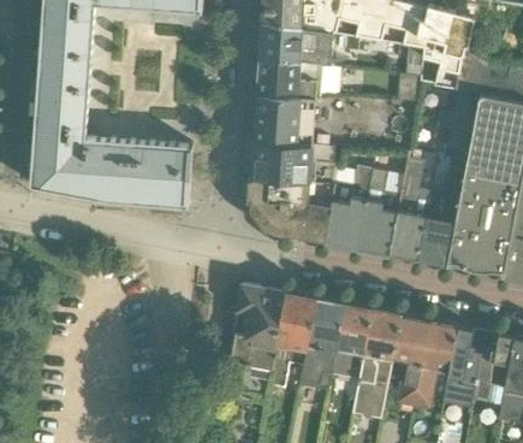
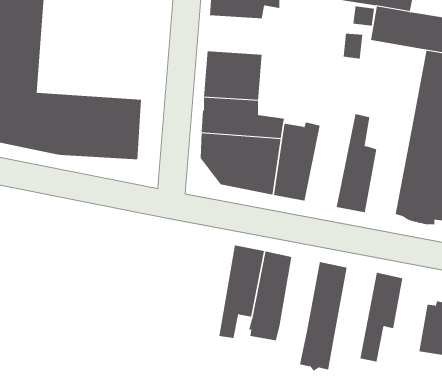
building: [257,59,322,99] -> none
building: [418,169,465,266] -> none
building: [357,171,404,254] -> none
building: [230,284,285,397] -> none
building: [332,305,372,380] -> none
building: [387,315,429,408] -> none
building: [444,326,481,401] -> none

